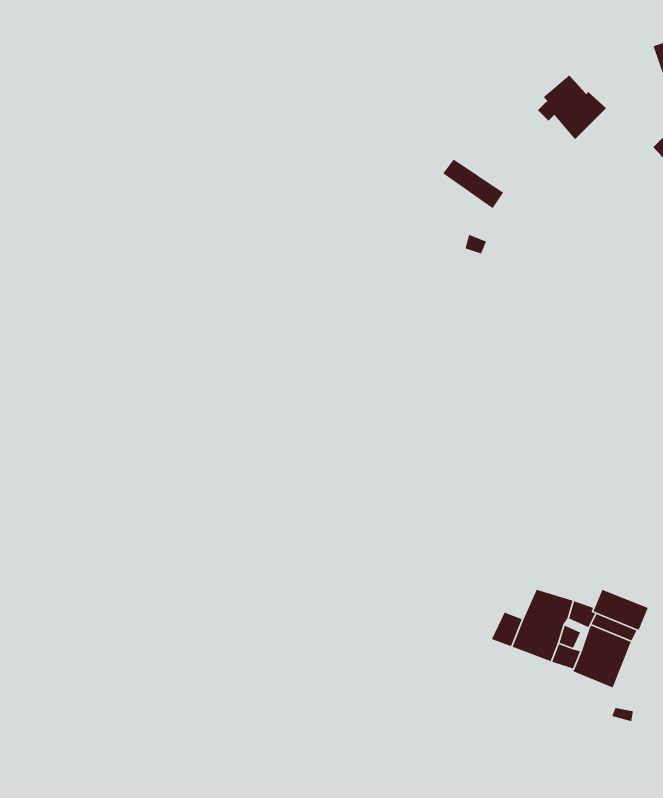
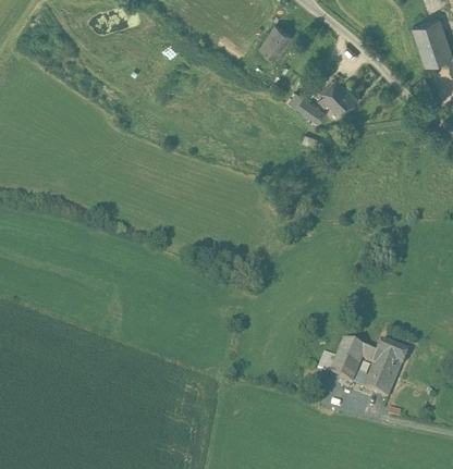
building: none -> [259,24,292,59]
building: [537,74,607,140] -> [318,81,358,119]

